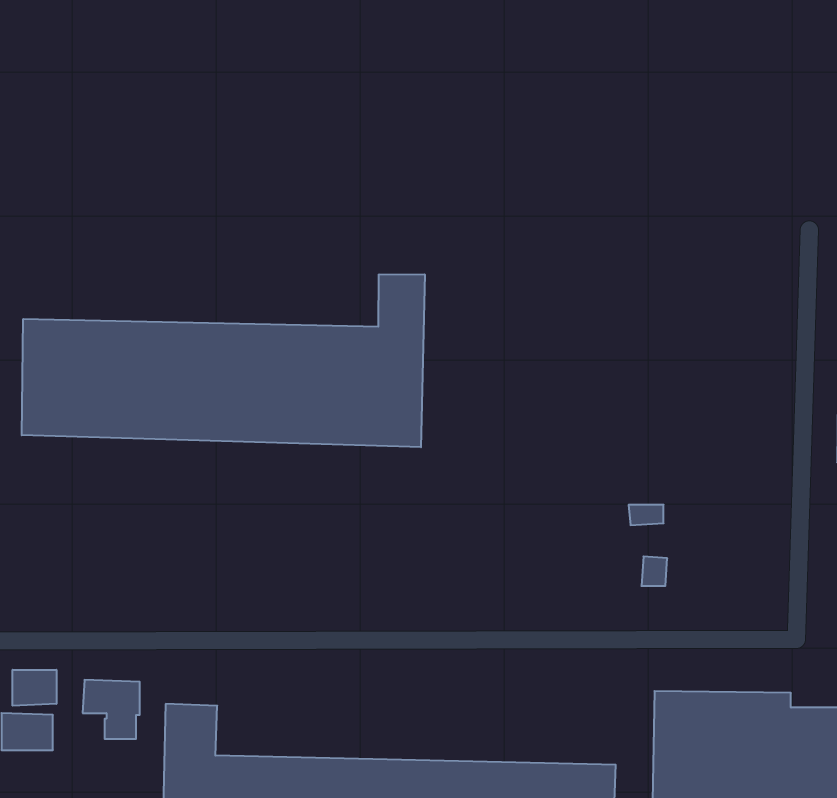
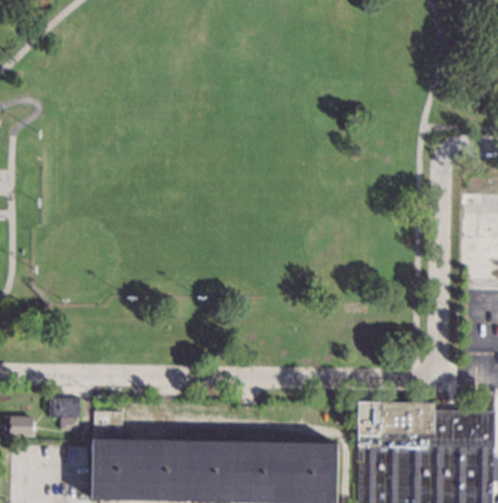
building: [22,274,425,447] -> none
building: [13,670,56,706] -> none

